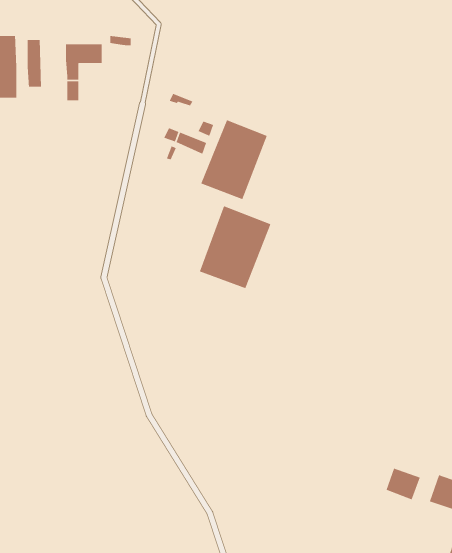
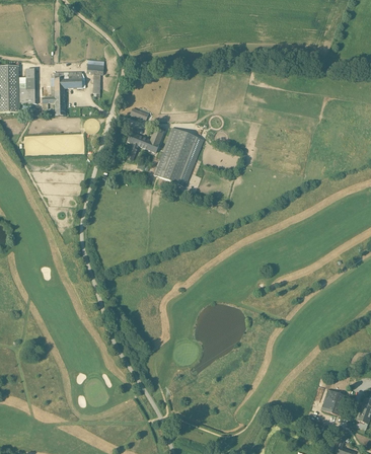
building: [199,205,271,289] -> none
building: [386,467,421,500] -> none

